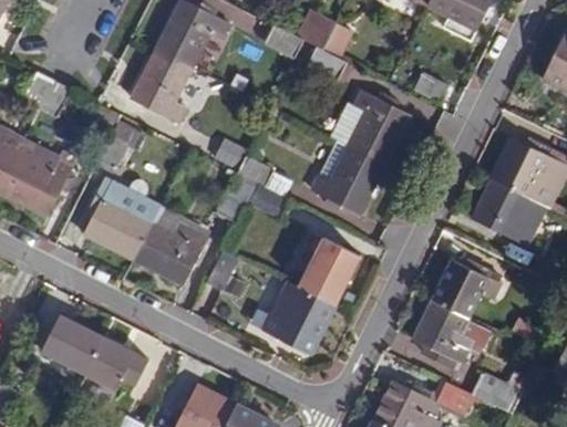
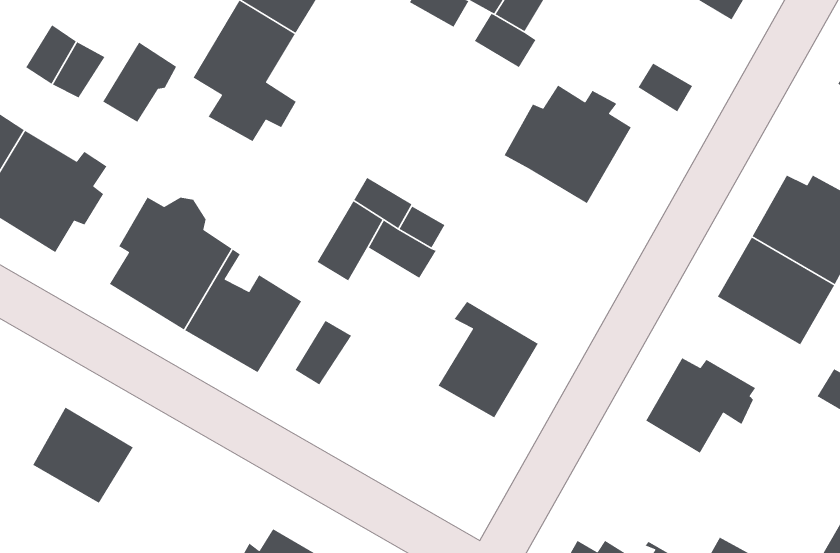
building: [97,119,144,171] -> [102,41,177,123]
building: [310,145,385,215] -> none
building: [261,287,334,355] -> none
building: [412,301,488,367] -> none
building: [85,337,148,390] -> none

